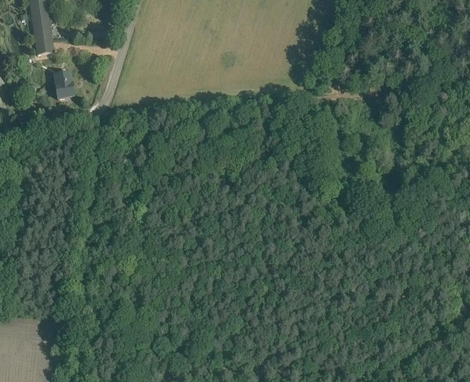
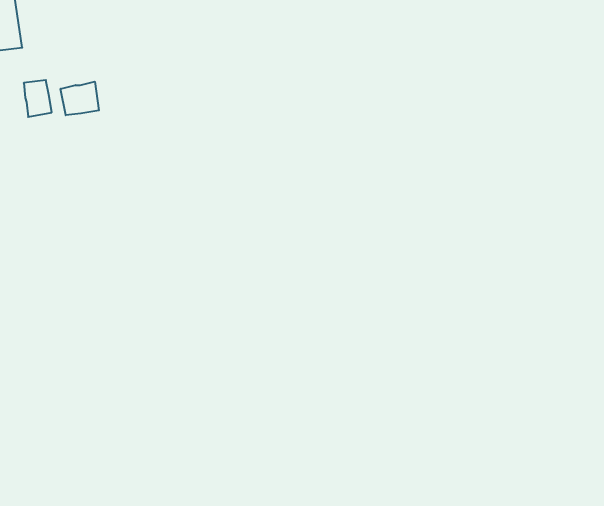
building: none -> [61,82,99,115]

